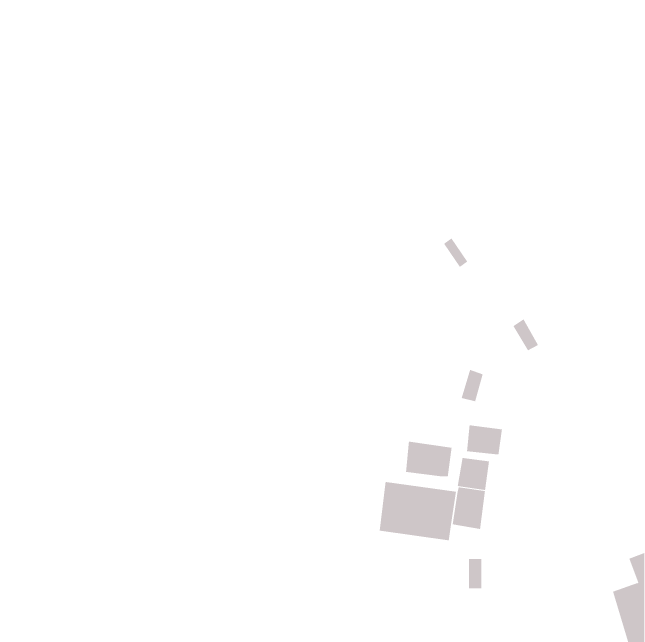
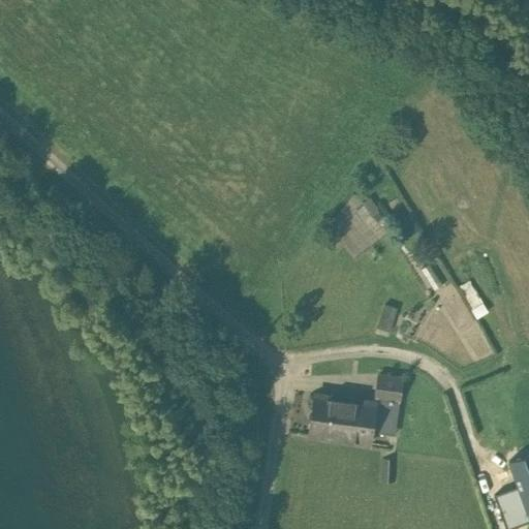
building: [466,424,502,455] -> none
building: [405,441,452,477] -> none

